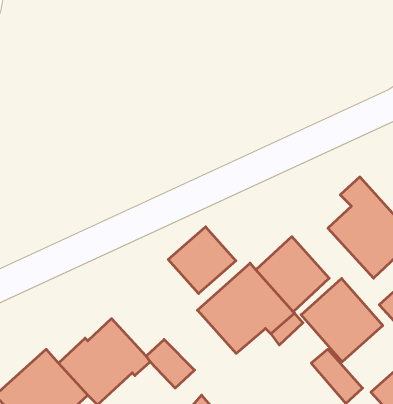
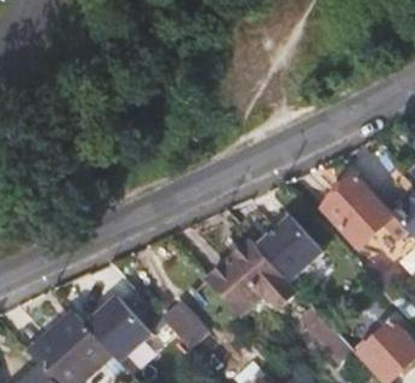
building: [168,227,236,294] -> none
building: [301,278,383,362] -> none

